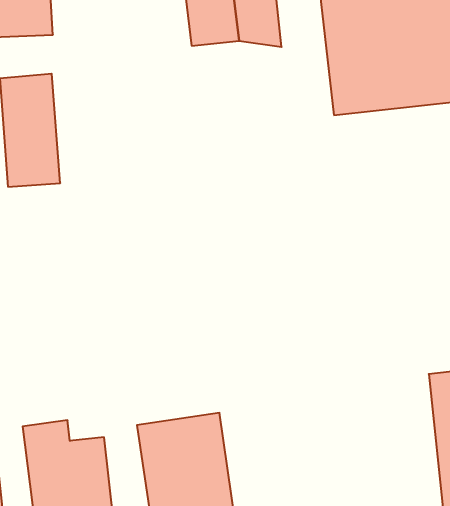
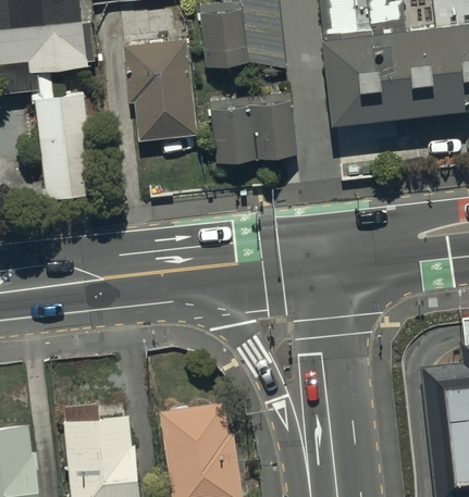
building: none -> [129,38,192,135]
building: none -> [210,94,298,166]

